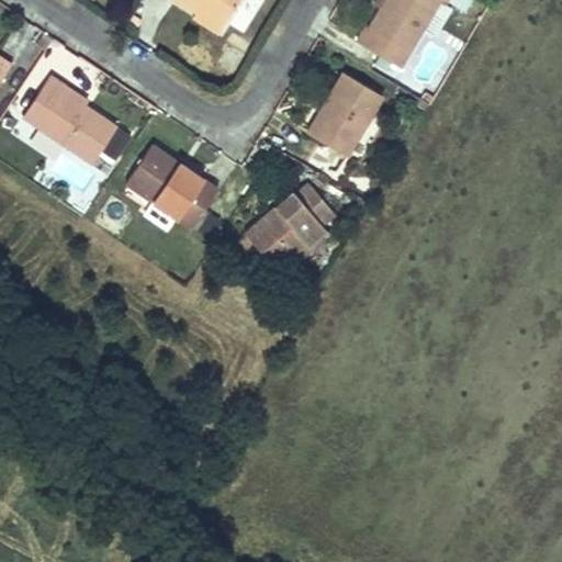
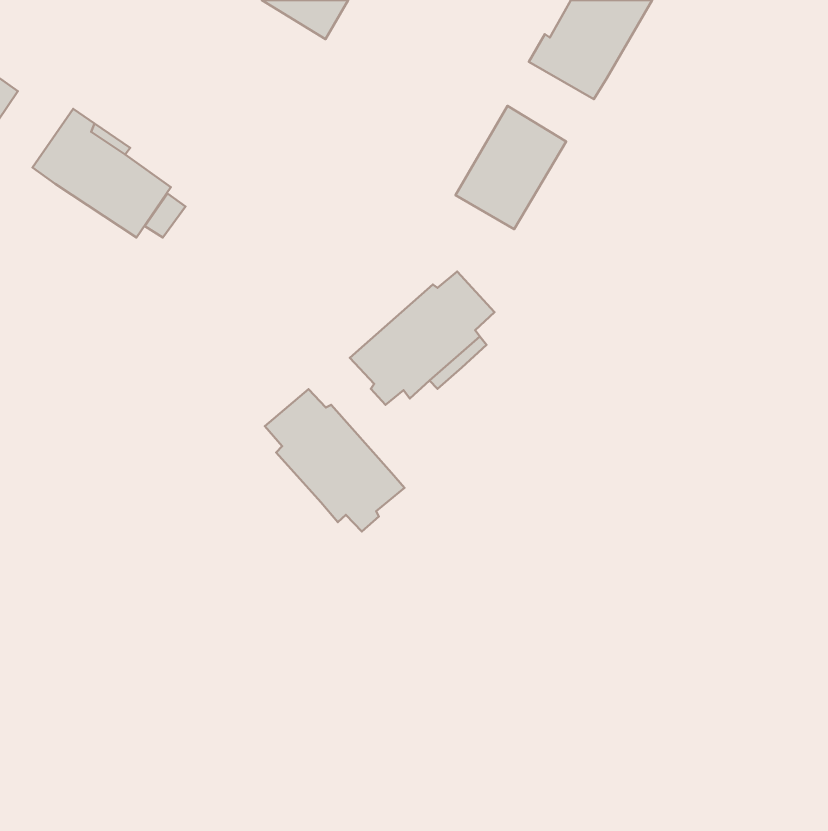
building: [126,145,216,226] -> none
building: none -> [265,389,405,531]

